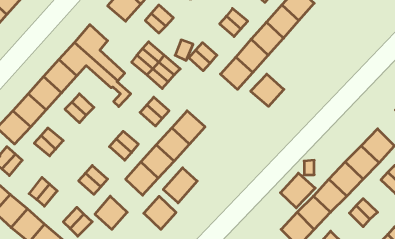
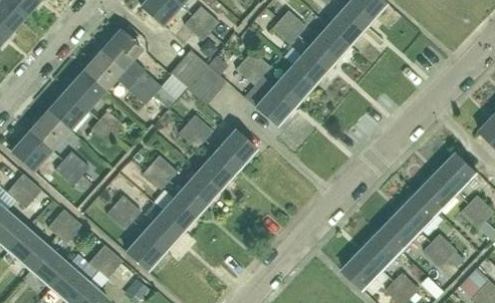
building: [251,74,284,106] -> [254,87,293,125]
building: [163,168,197,203] -> none
building: [280,173,315,208] -> none
building: [144,196,176,229] -> [144,211,182,250]

